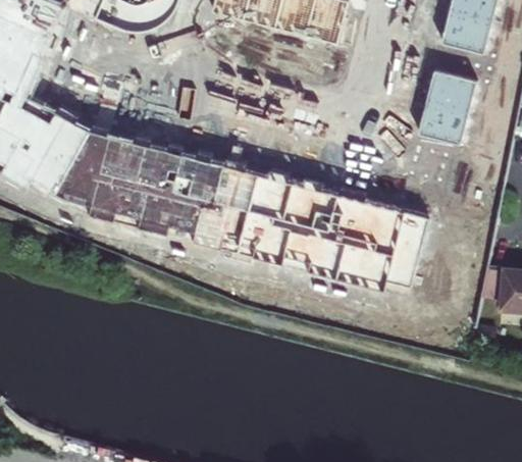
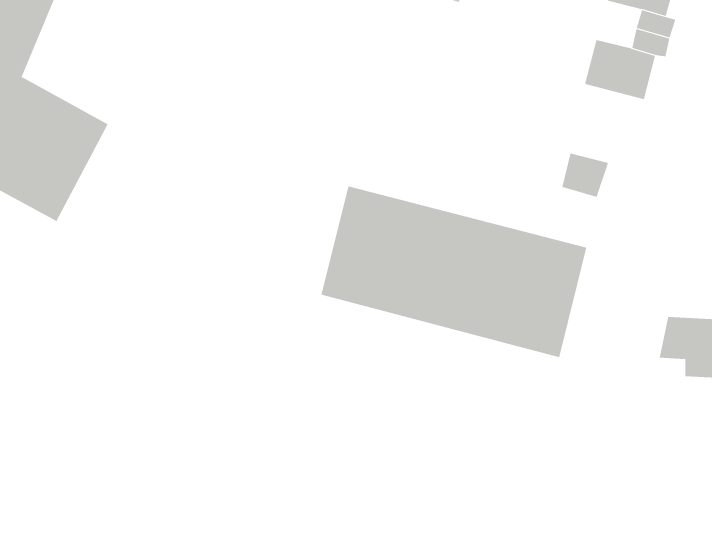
building: [416,101,467,144] -> none
building: [49,130,256,251] -> none

